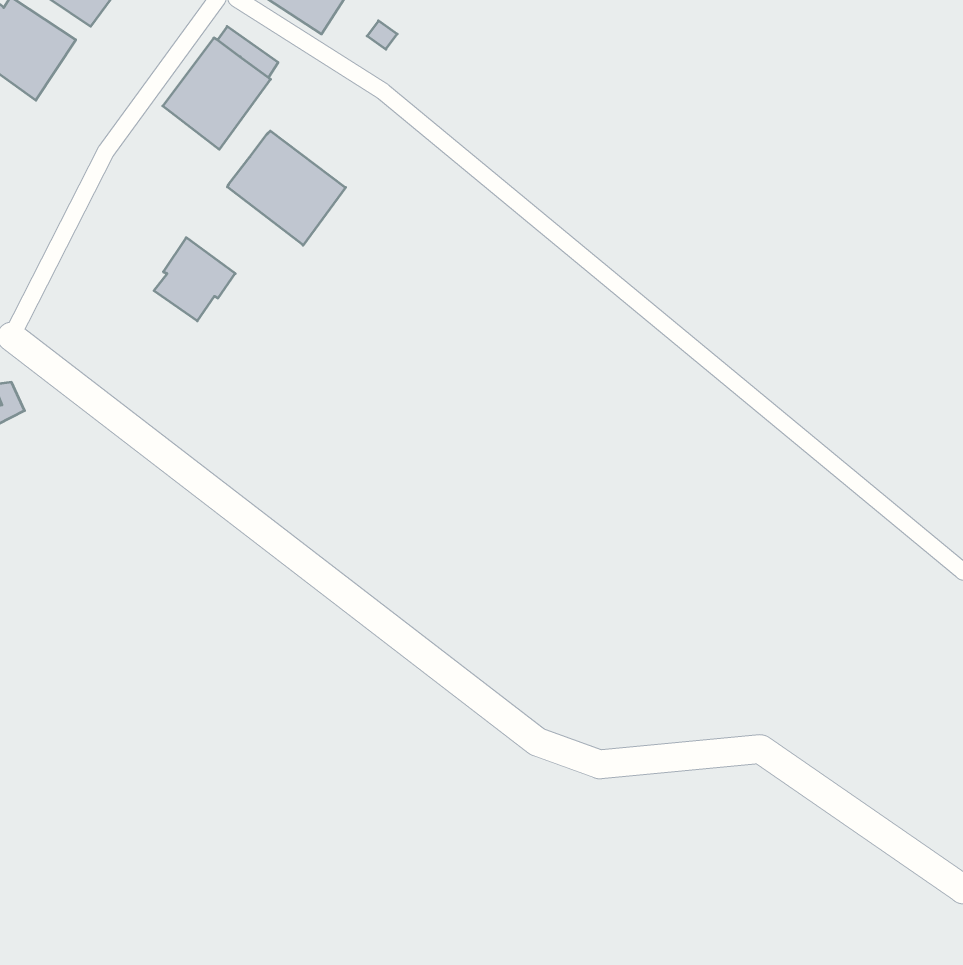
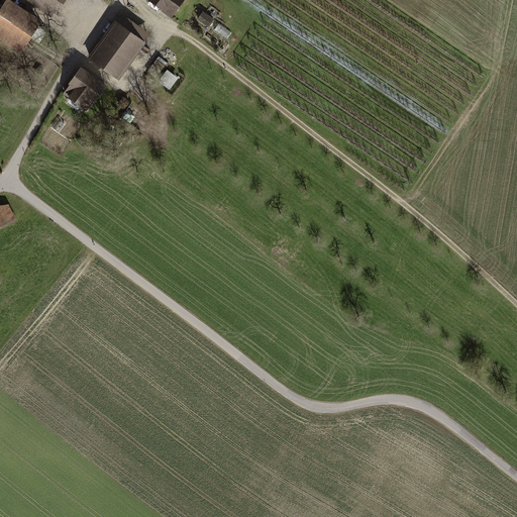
building: [227,131,346,245] -> none
building: [154,238,235,321] -> [62,66,105,110]

